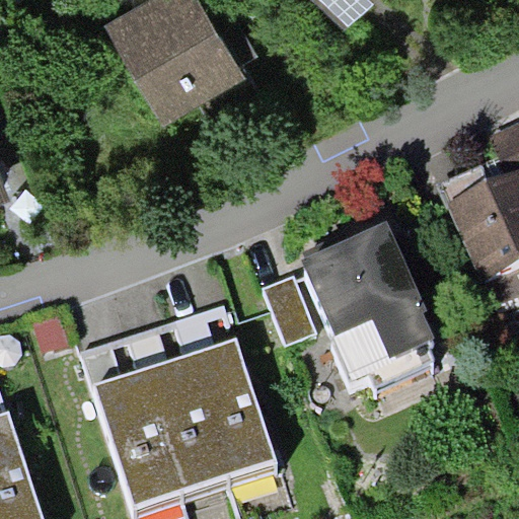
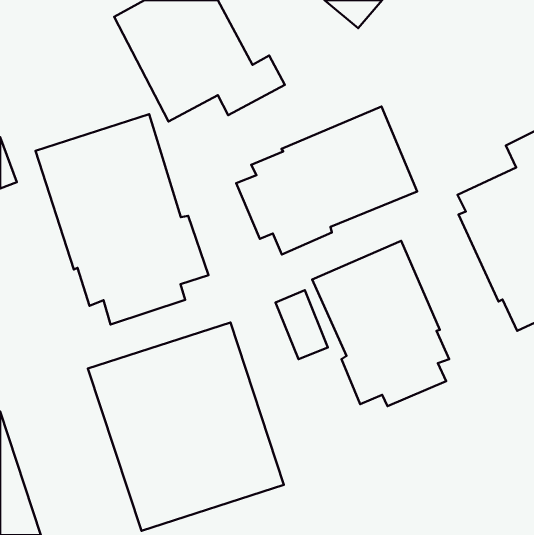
building: none -> [236,107,417,254]
building: none -> [35,114,208,324]

